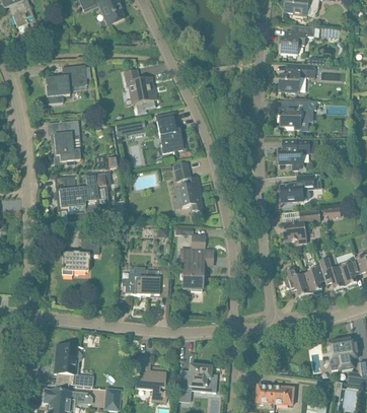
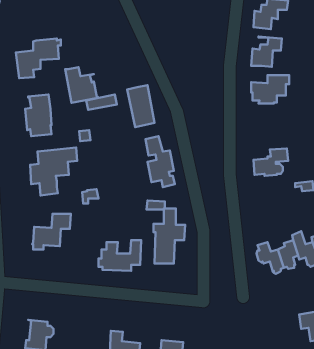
building: [124,69,156,105] -> [65,67,98,103]
building: [279,139,318,169] -> none
building: [283,211,320,243] -> none

